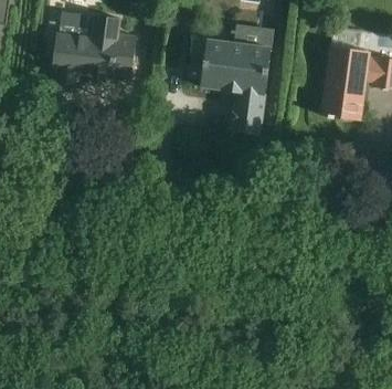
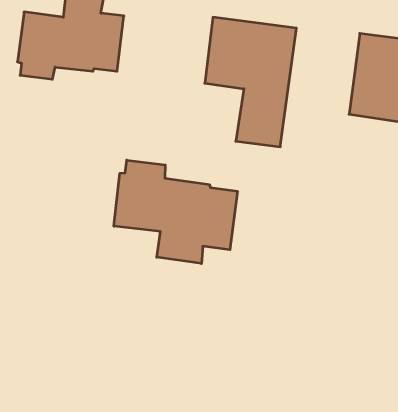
building: none -> [114,160,237,264]

